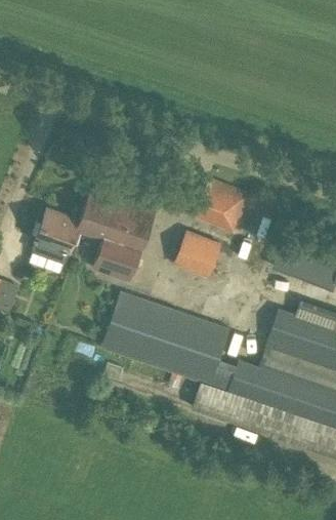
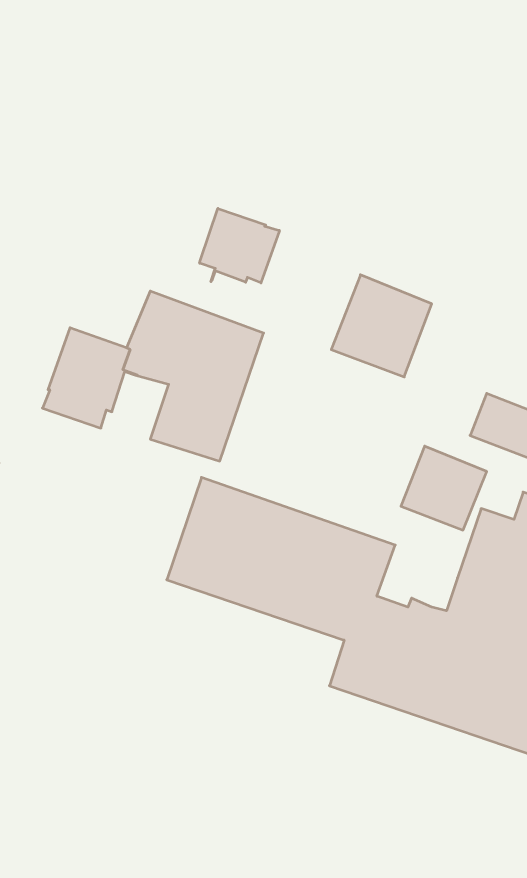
building: none -> [200,208,279,283]
building: [174,230,222,277] -> [401,446,487,530]

